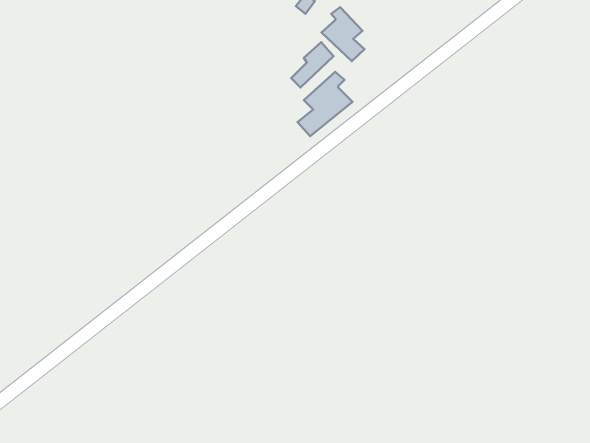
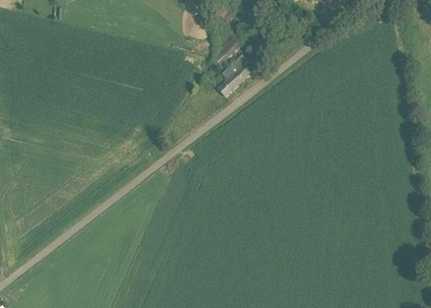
building: [321,7,364,61] -> none

